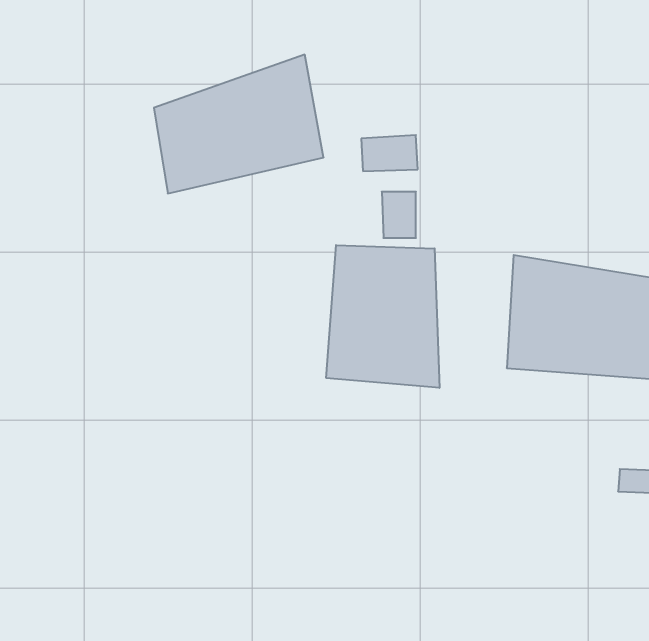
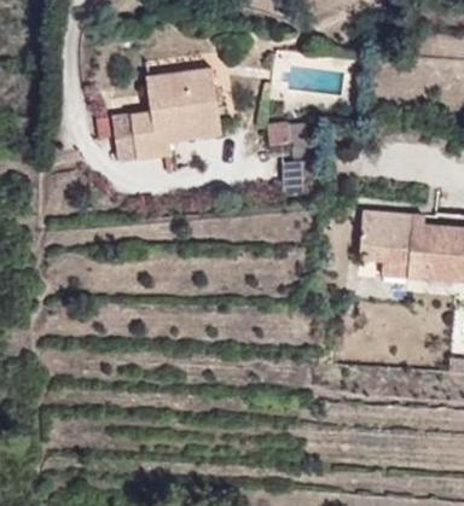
building: [326,245,439,388] -> none

